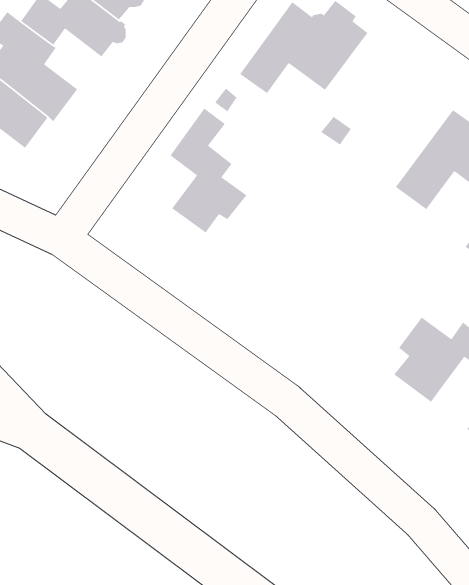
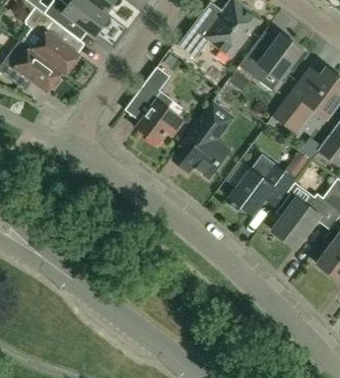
building: none -> [239,34,302,81]
building: none -> [179,101,232,177]
building: none -> [228,154,302,214]

